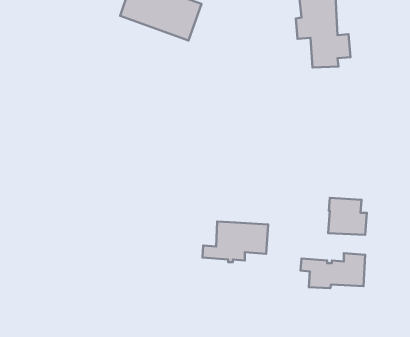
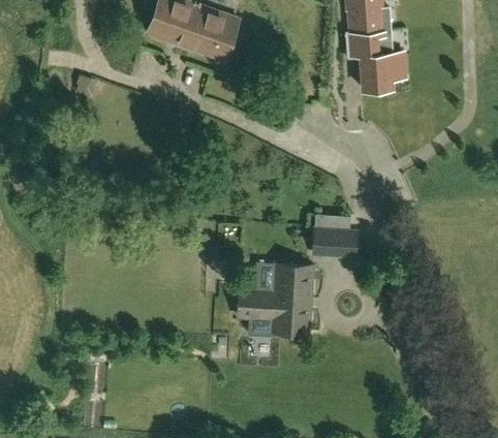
building: [328,198,367,235] -> [313,215,356,256]
building: [300,253,365,288] -> [239,298,311,337]

